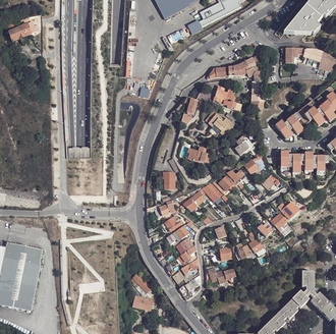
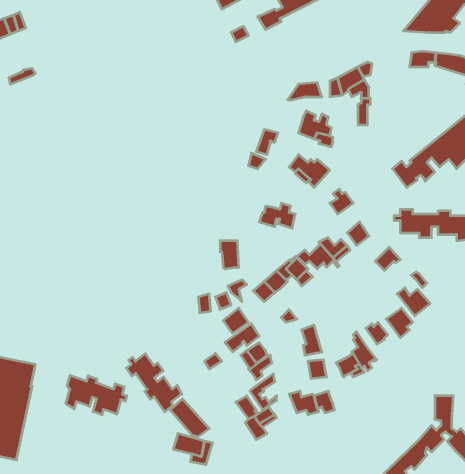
building: none -> [126,354,182,412]
building: none -> [66,375,127,415]

